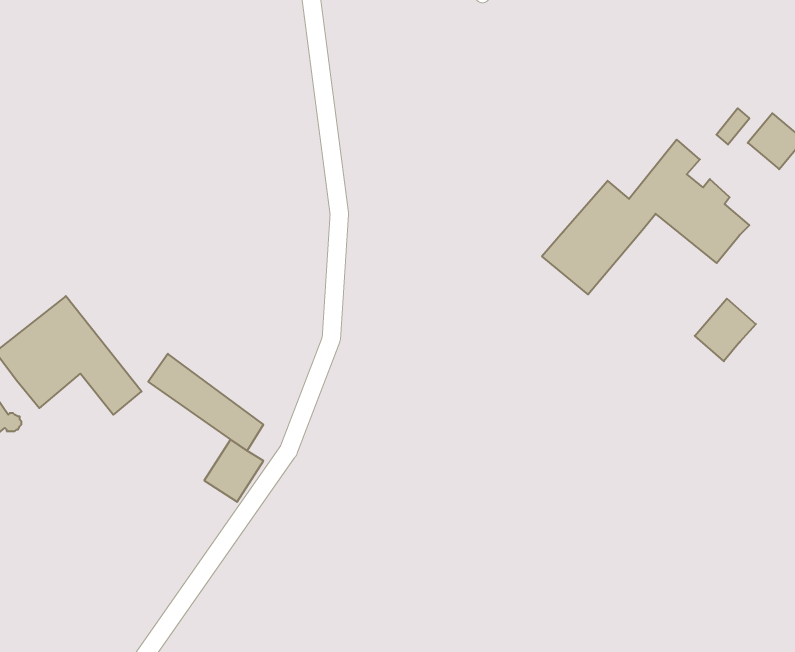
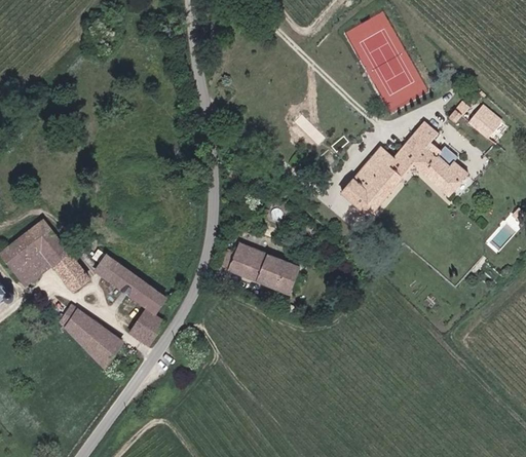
building: [695,299,756,361] -> none
building: none -> [220,242,300,295]
building: none -> [59,303,123,368]

